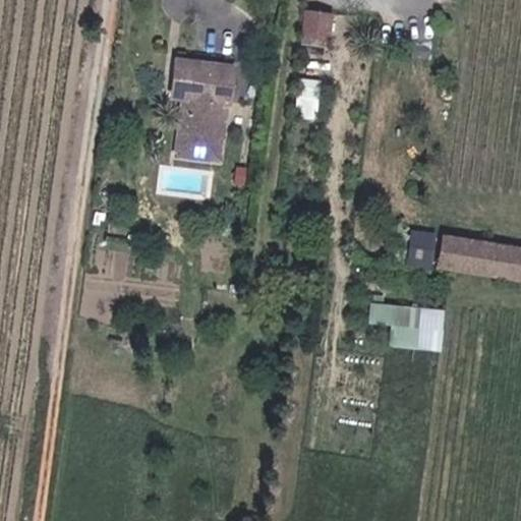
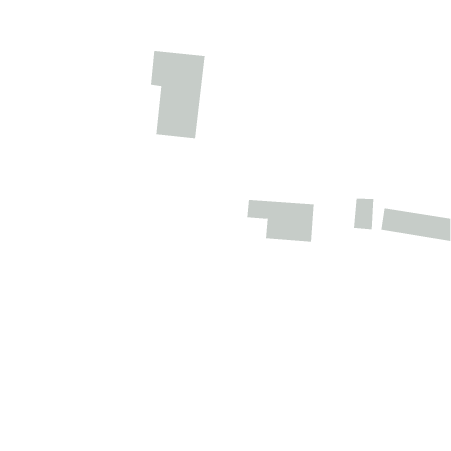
building: [301,9,330,44] -> none
building: [366,301,445,350] -> [247,200,315,242]

